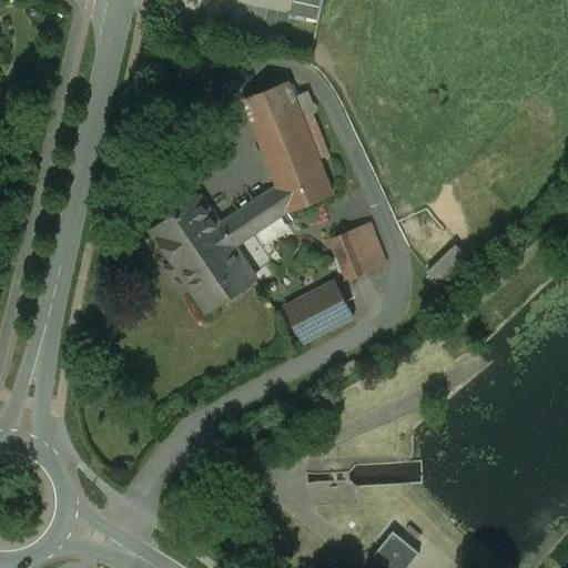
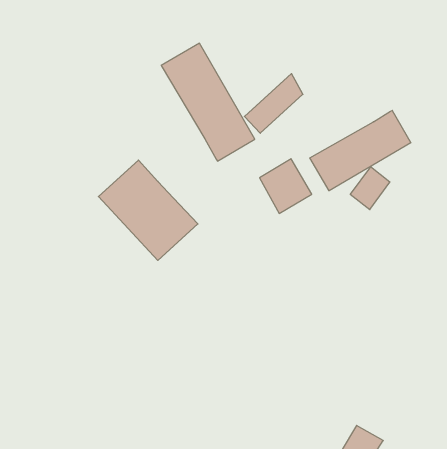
building: [219,186,286,246] -> [244,74,303,133]
building: none -> [310,110,411,191]
building: [284,281,354,343] -> none

